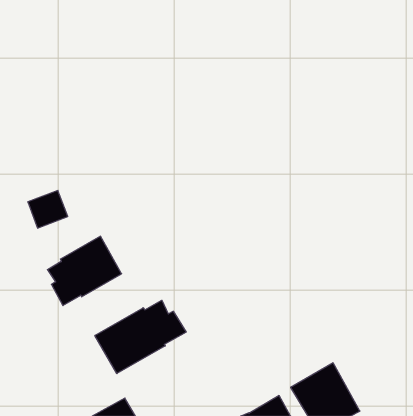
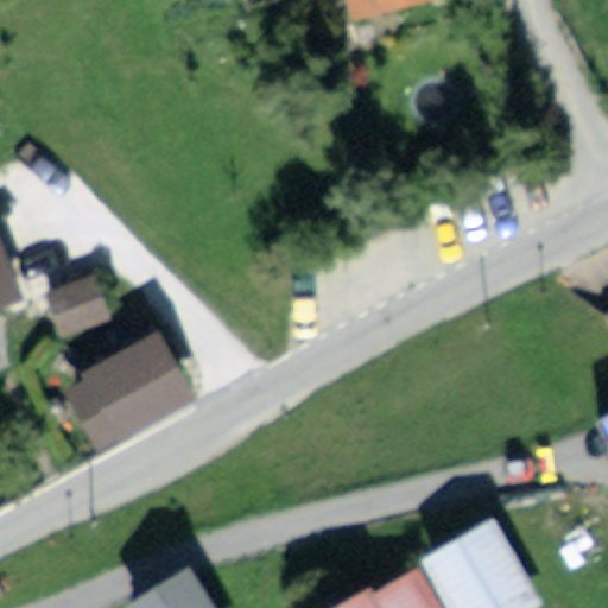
building: [95,300,186,374] -> none

